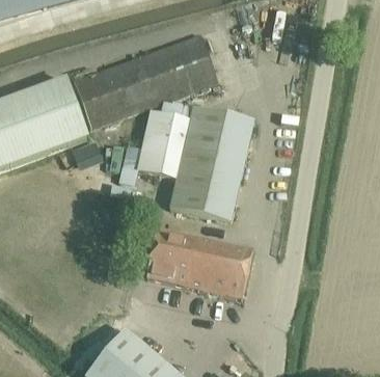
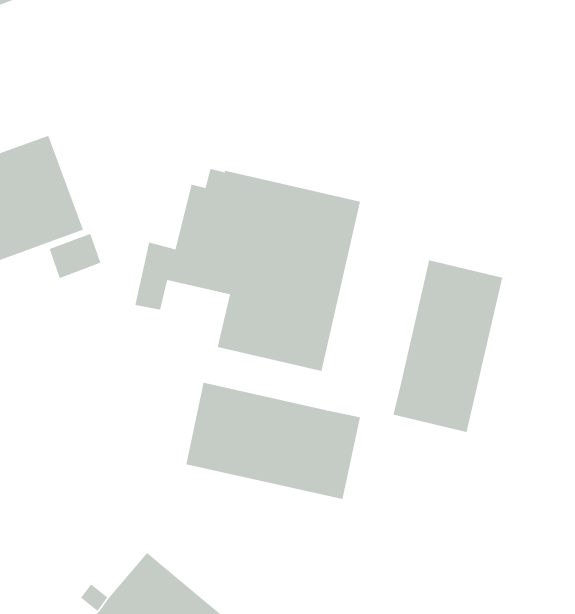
building: [73,32,218,126] -> none
building: none -> [393,259,503,433]

